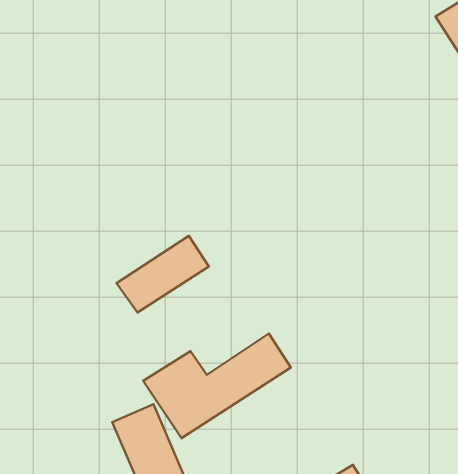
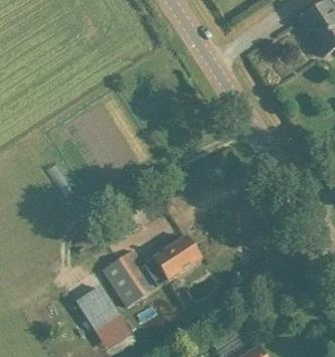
building: [117,236,209,312] -> none

